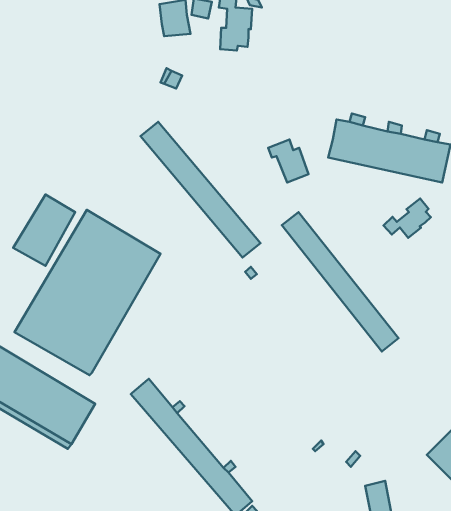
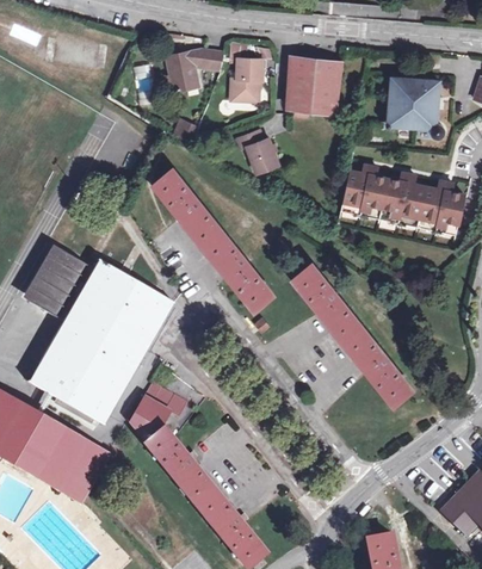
building: none -> [286,55,341,117]
building: none -> [388,78,445,136]
building: [268,140,309,182] -> [237,129,278,172]
building: [383,199,431,238] -> none
building: none -> [128,384,187,444]

